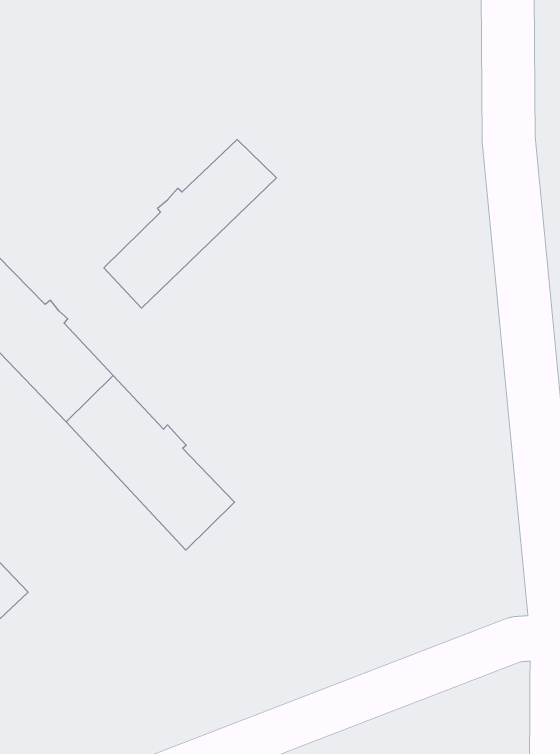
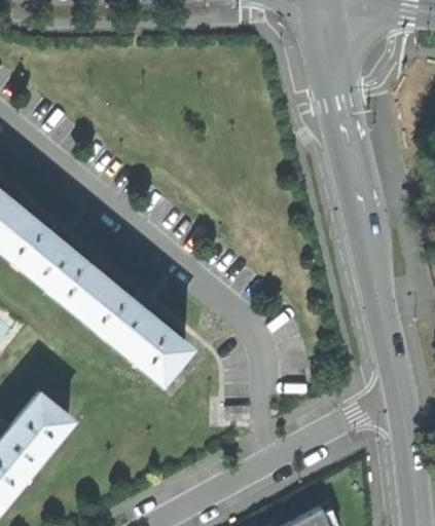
building: [104,140,276,308] -> none

